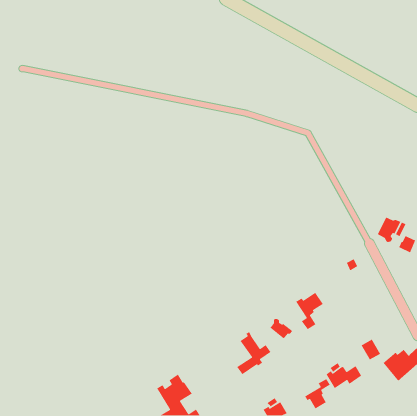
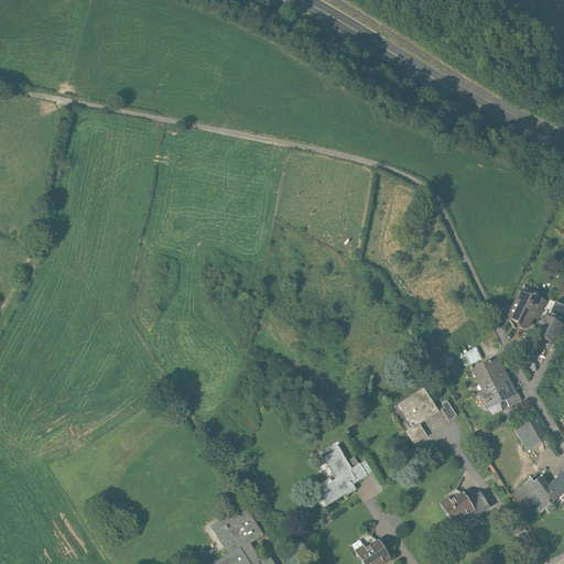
building: none -> [475,358,518,410]
building: [270,318,293,339] -> none
building: [361,339,381,361] -> [513,419,541,448]
building: [304,378,331,409] -> none

